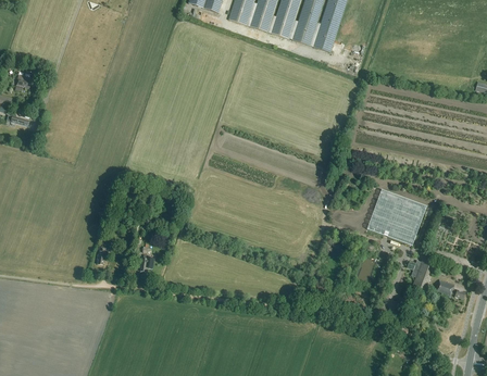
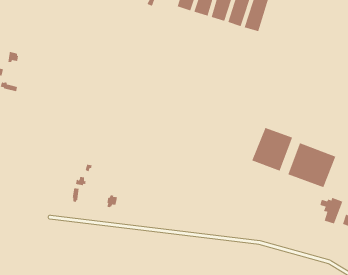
building: none -> [252,127,293,172]

